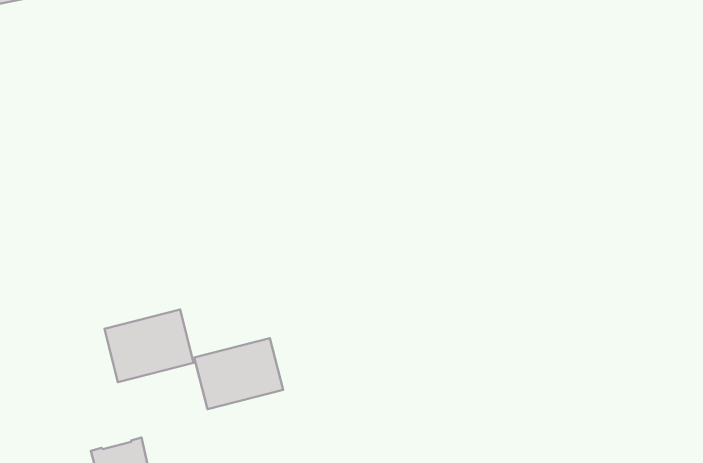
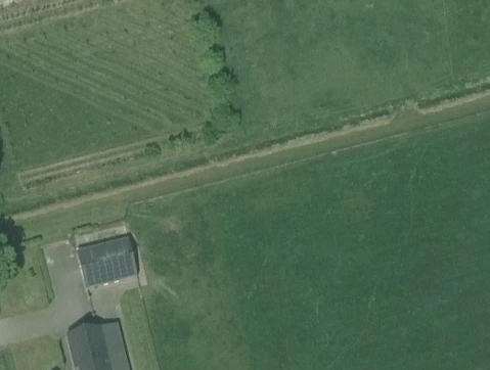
building: [194,338,283,409] -> none

